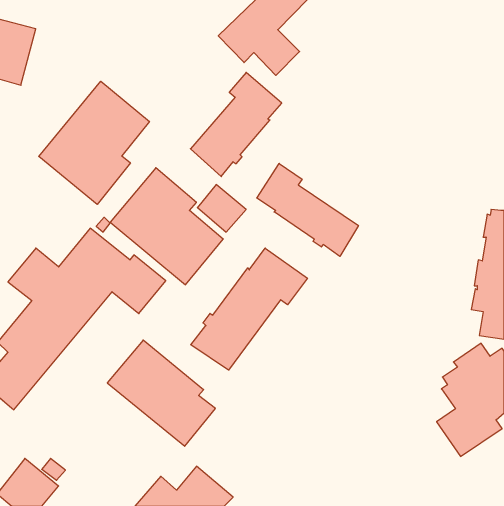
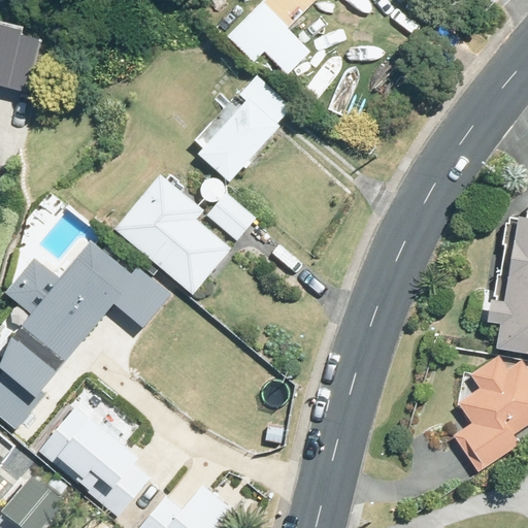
building: [39,81,149,204] -> none
building: [257,163,358,256] -> none
building: [191,248,307,370] -> none
building: [107,340,215,446] -> [39,405,152,516]

